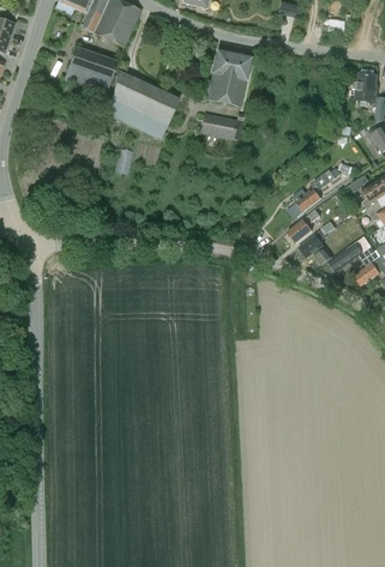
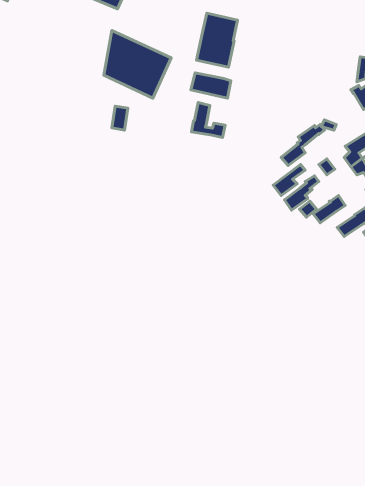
building: [64,46,118,95] -> none
building: [355,73,377,102] -> none
building: none -> [191,103,225,137]

